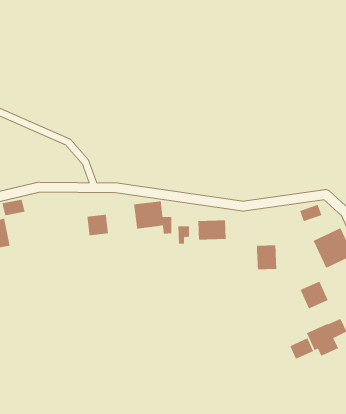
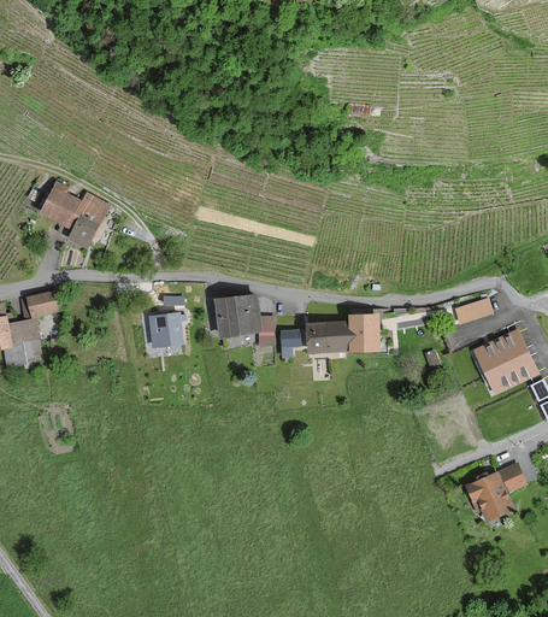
building: none -> [41,183,108,249]
building: [256,244,277,270] -> [350,313,381,351]
building: [299,280,329,310] -> none
building: [289,337,314,360] -> none

